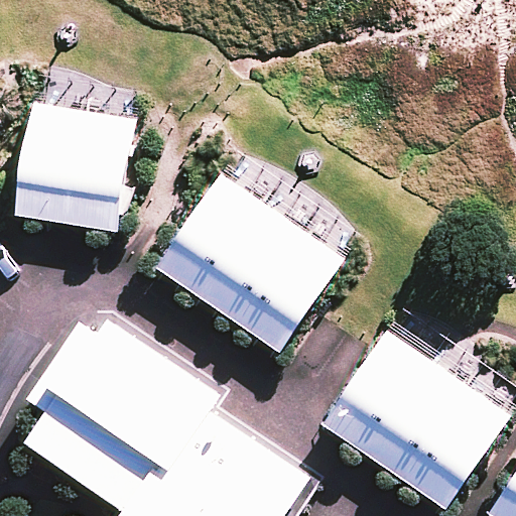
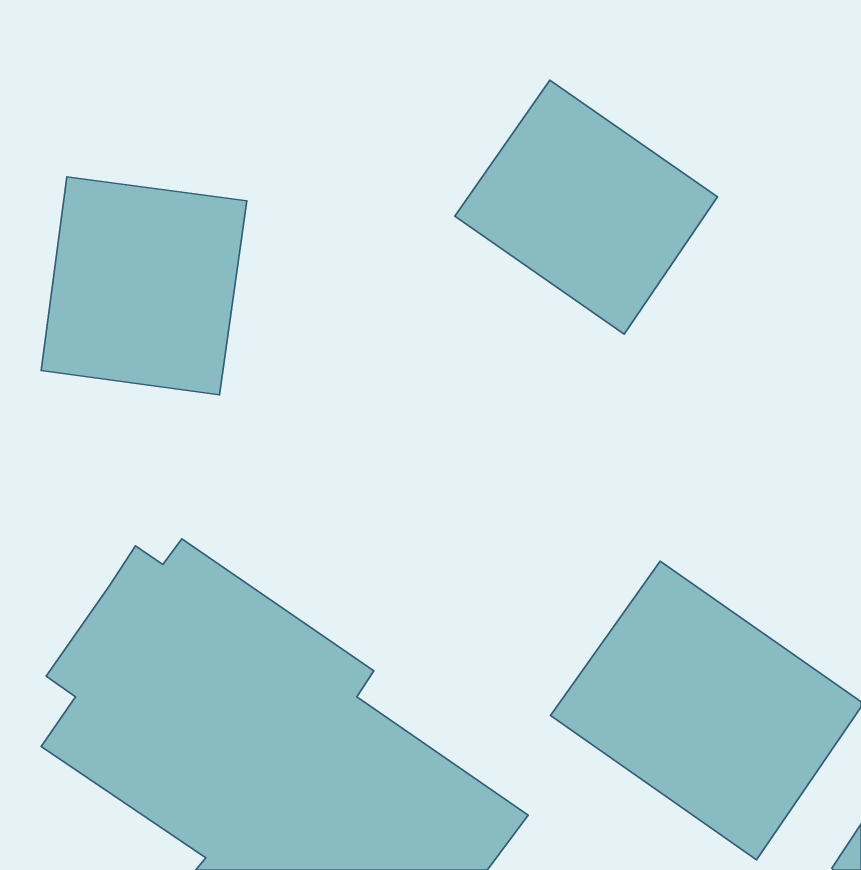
building: none -> [455,80,717,334]
building: [155,173,342,351] -> none

